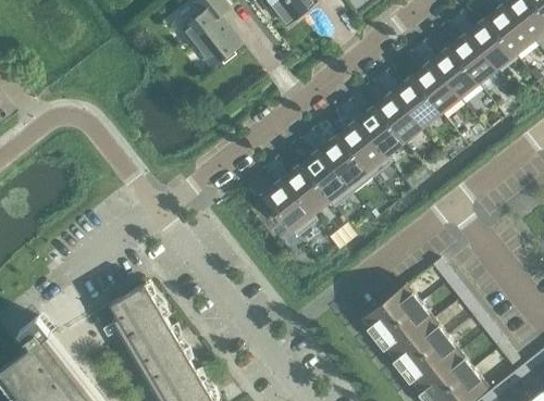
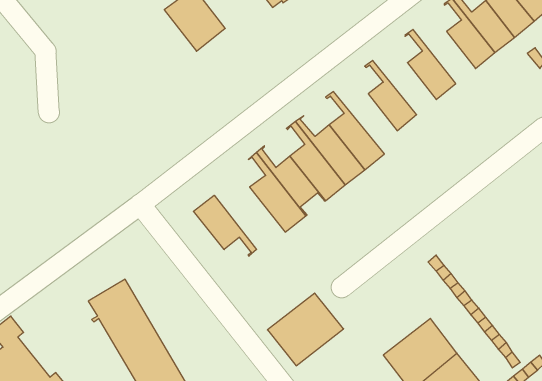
building: [416,41,474,99] -> none
building: [378,71,437,128] -> none
building: [341,100,400,165] -> none
building: none -> [193,195,257,256]
building: [360,287,432,355] -> [267,293,344,366]

